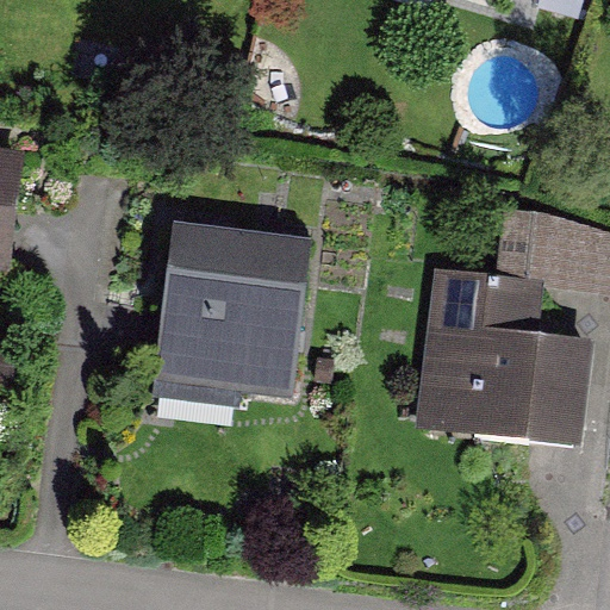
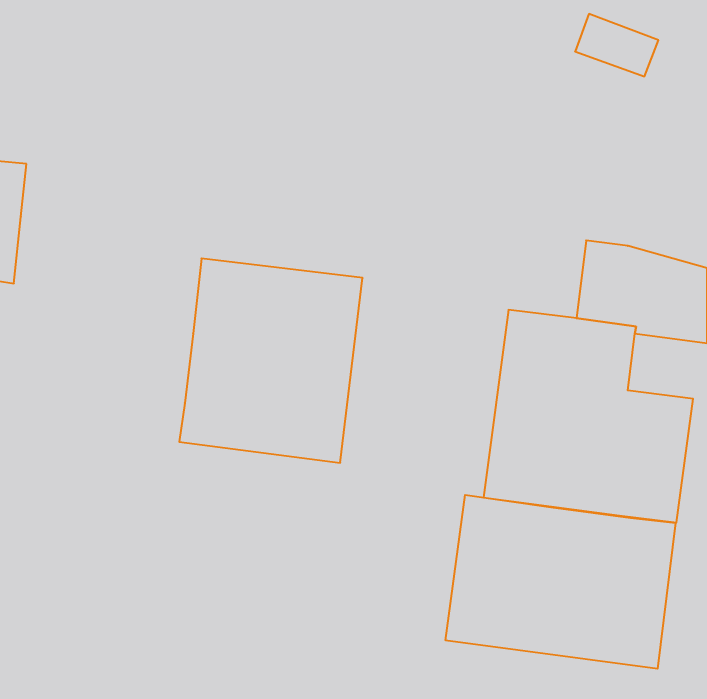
building: none -> [446,495,675,669]

